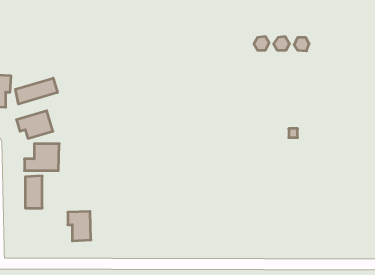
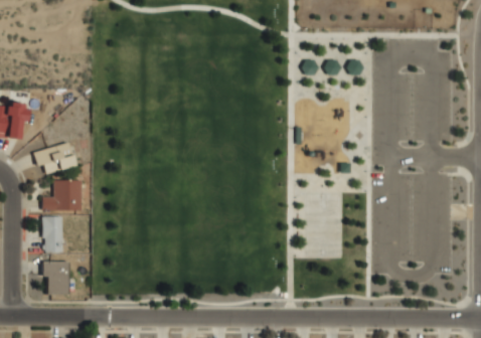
building: [15,78,57,104] -> none
building: [68,211,91,241] -> [43,262,69,295]

